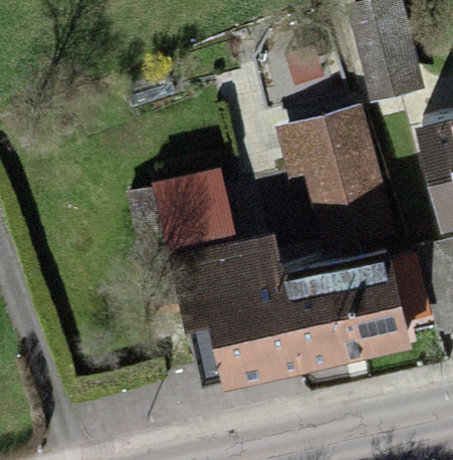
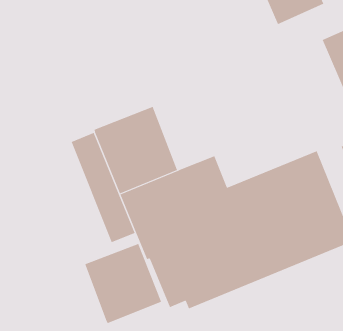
building: [276,101,393,238] -> none
building: none -> [84,243,162,324]

